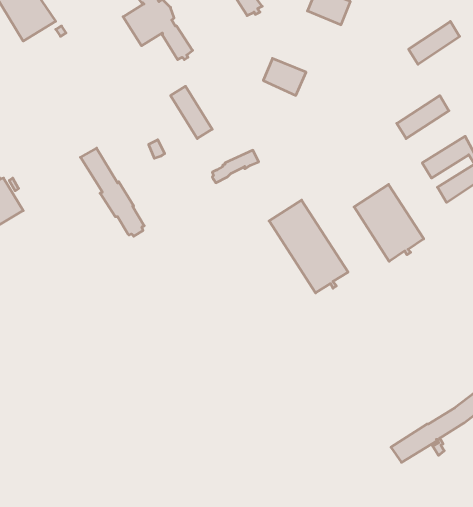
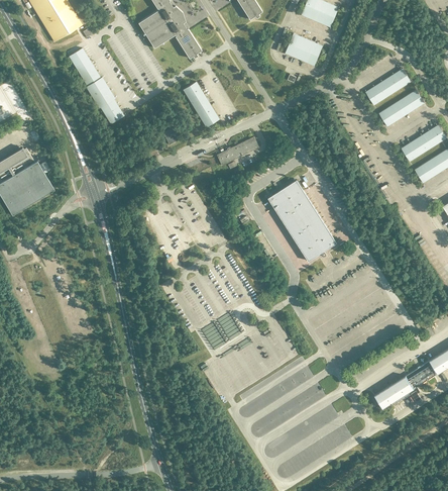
building: [409,21,460,64] -> [365,68,410,105]
building: [263,58,306,95] -> [285,33,322,66]
building: [80,148,144,236] -> [68,47,123,124]
building: [354,184,424,261] -> none

